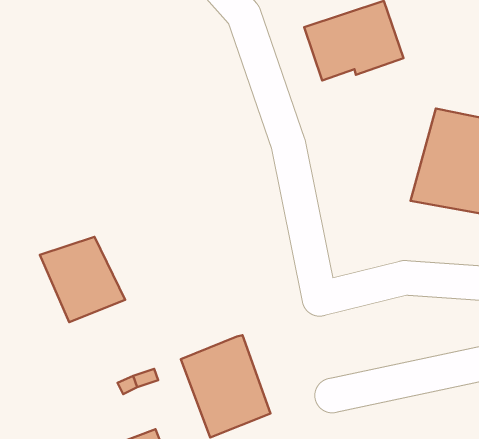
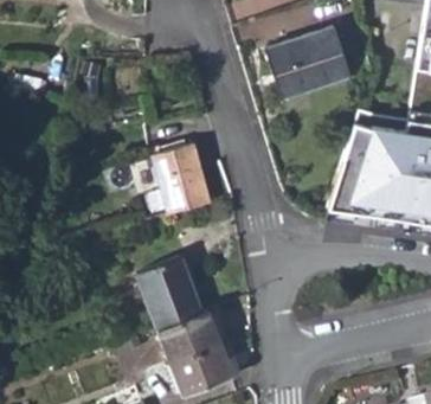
building: none -> [153,147,210,217]
building: [40,237,125,322] -> [133,259,205,332]

